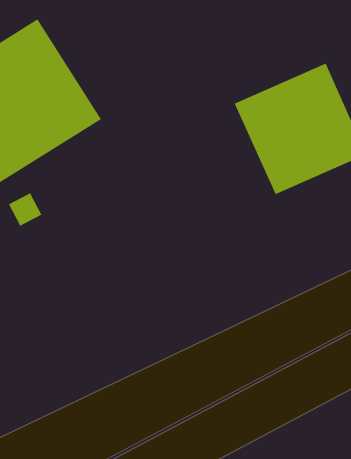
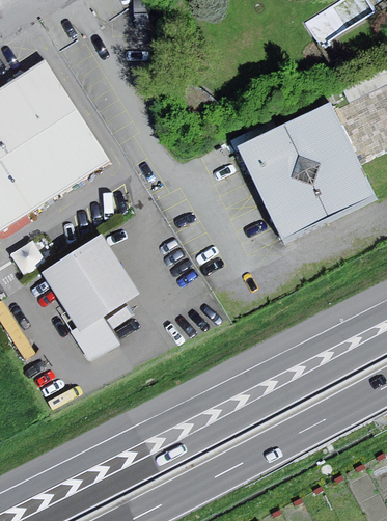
building: none -> [47,232,140,355]

